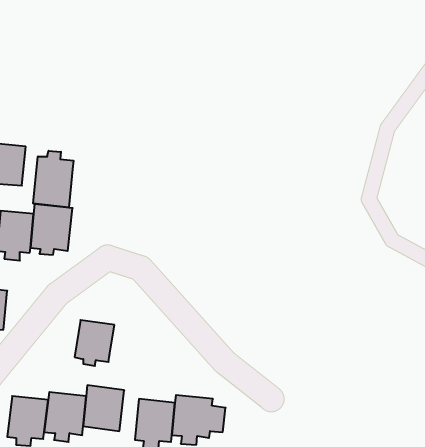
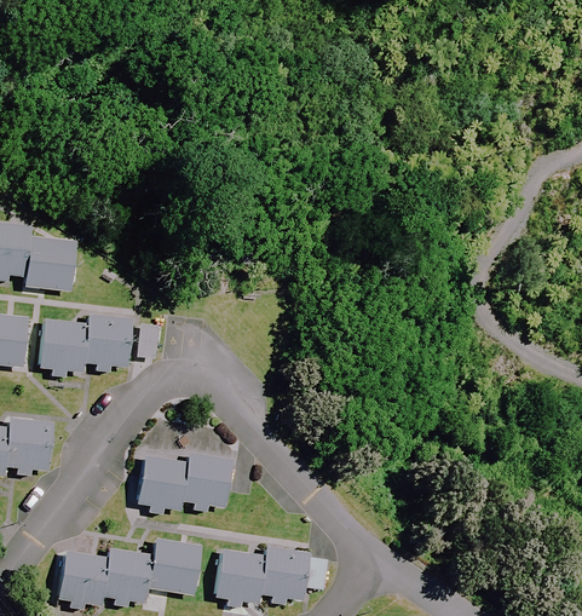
building: [33,151,73,208] -> none
building: none -> [181,450,232,510]

